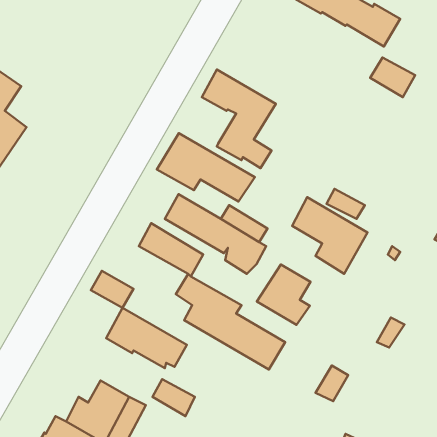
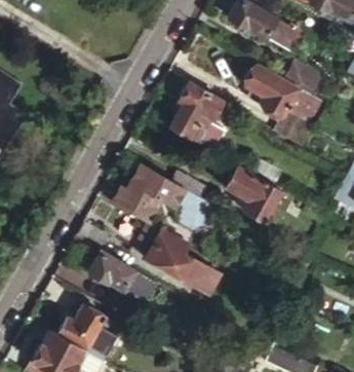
building: none -> [243,65,321,147]
building: [157,133,255,201] -> none
building: [257,264,311,325] -> none

